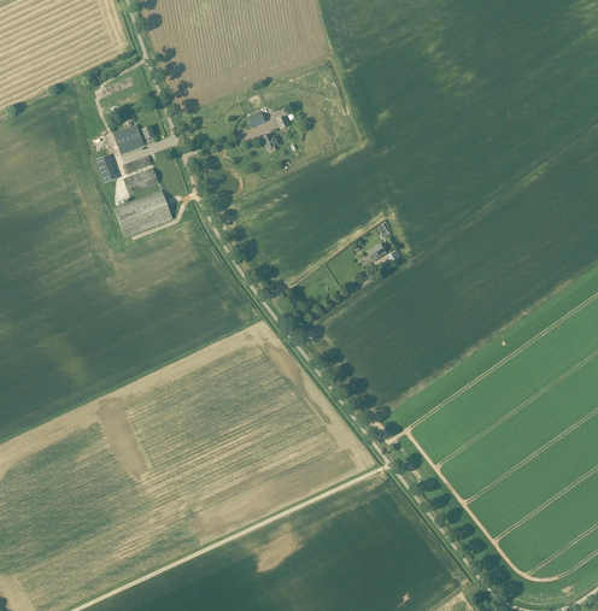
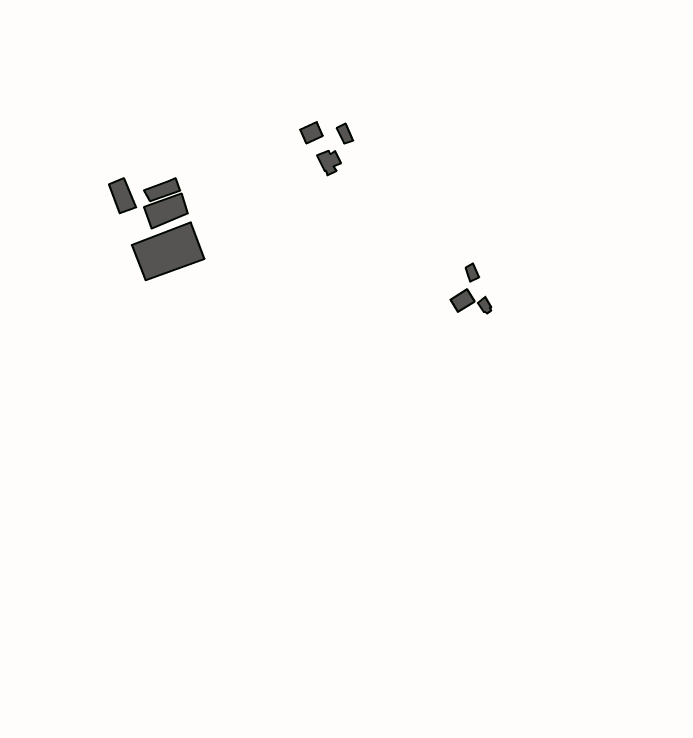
building: [113,123,154,153] -> none

